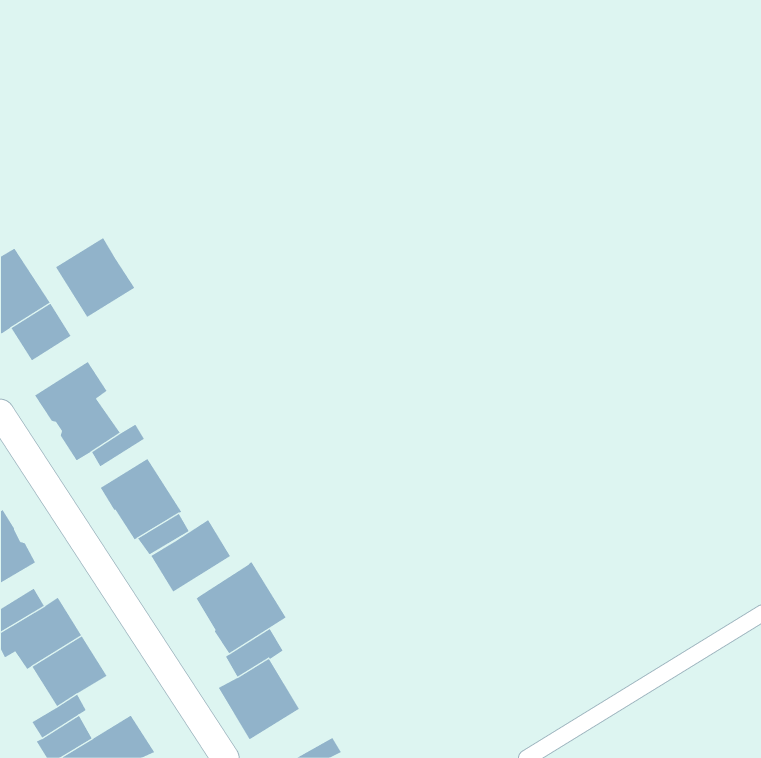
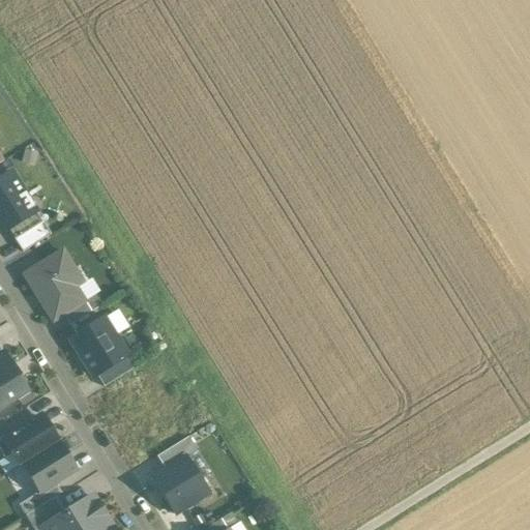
building: [55,237,135,318] -> none
building: [150,519,231,593] -> none
building: [196,561,286,654] -> none

